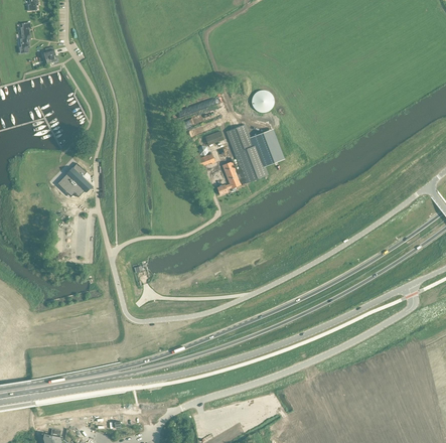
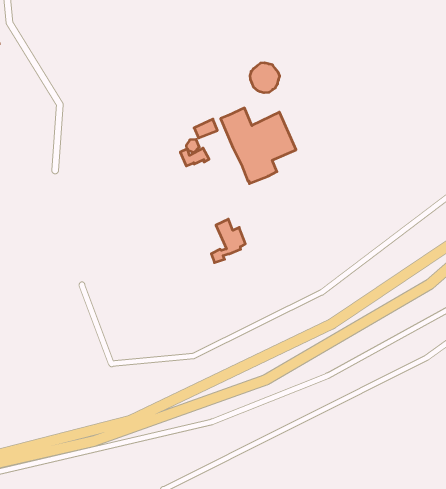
building: [216,161,244,194] -> [211,219,245,263]
building: [62,165,93,197] -> none

